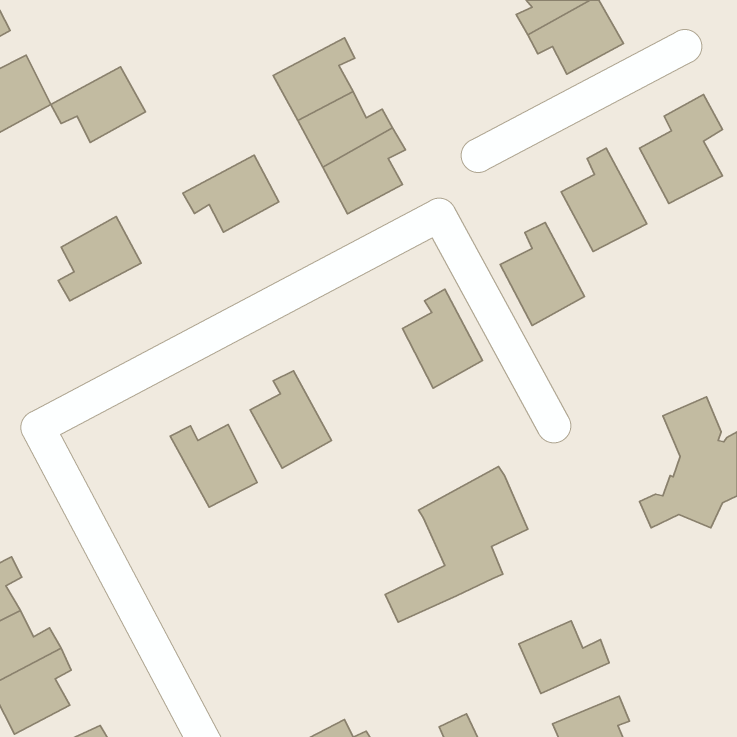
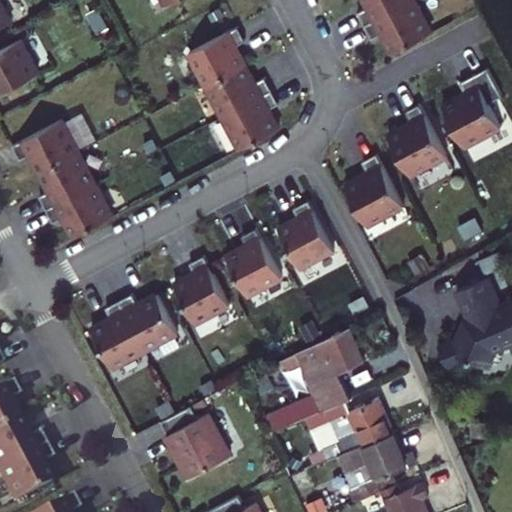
building: [51,67,145,142] -> [15,122,80,174]
building: [183,155,279,232] -> [48,185,114,238]
building: none -> [225,231,280,299]
building: none -> [90,304,144,370]
building: none -> [314,396,393,457]
building: none -> [159,410,226,481]

